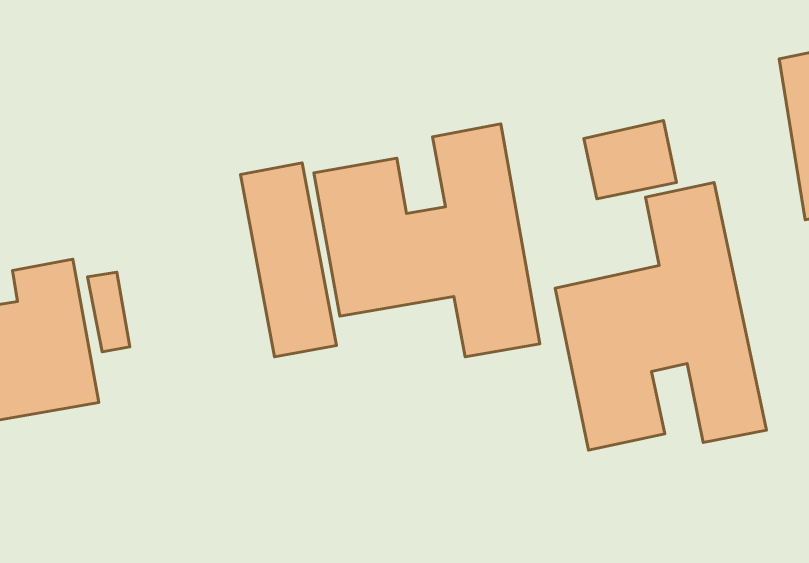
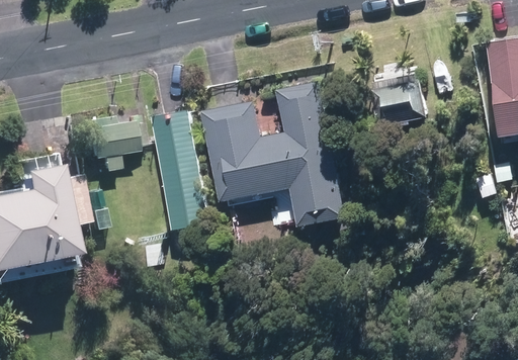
building: none -> [81,115,142,171]
building: [555,182,766,450] -> none

